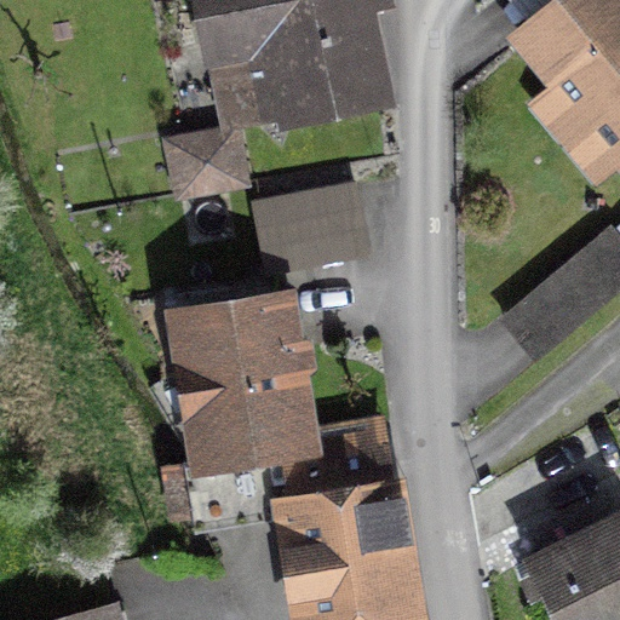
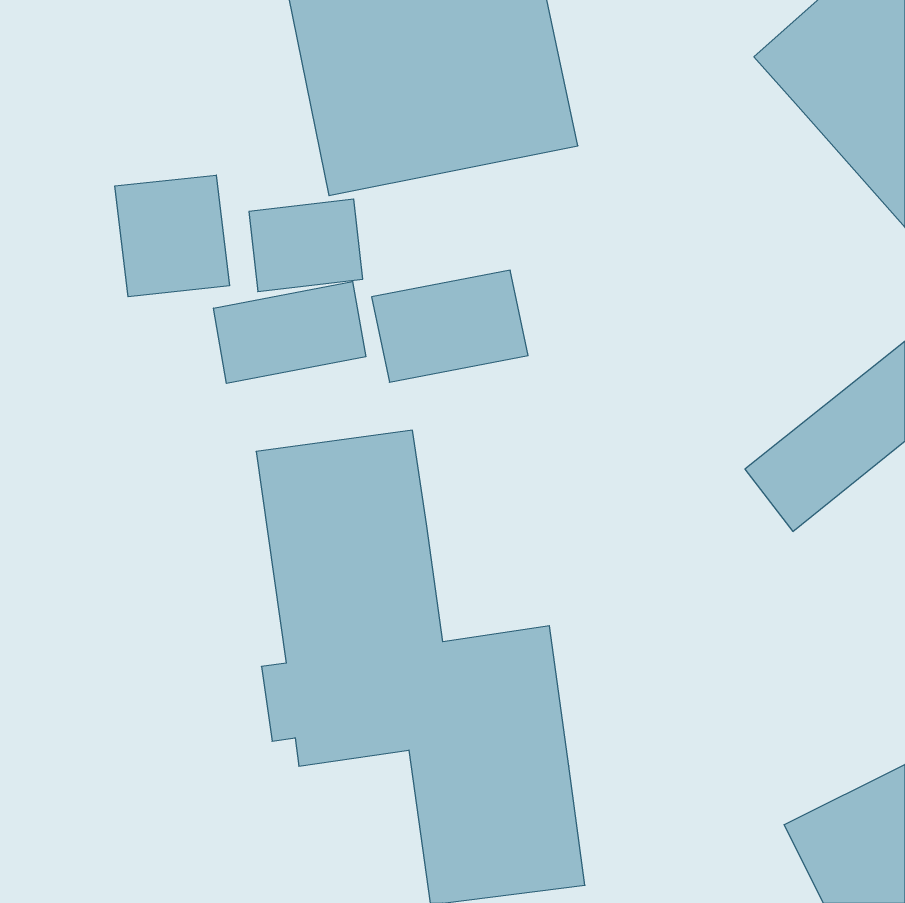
building: none -> [115,175,229,297]
building: none -> [214,281,366,383]

